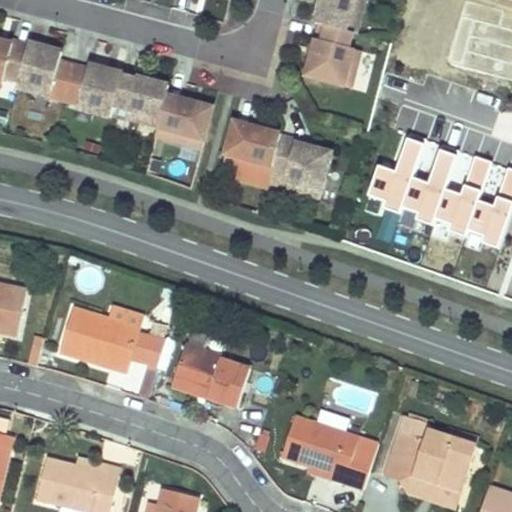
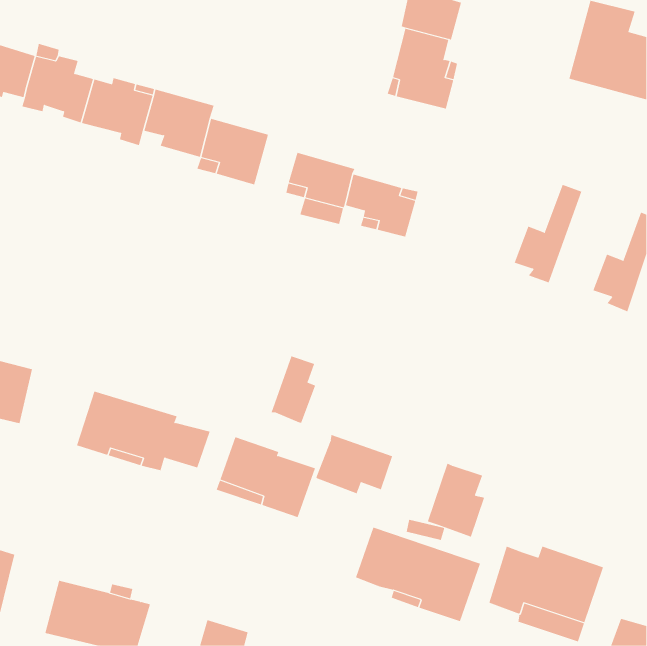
building: [374,134,428,212] -> none
building: [436,157,490,235] -> none
building: none -> [271,355,316,423]
building: none -> [316,434,393,494]
building: none -> [427,463,485,537]

